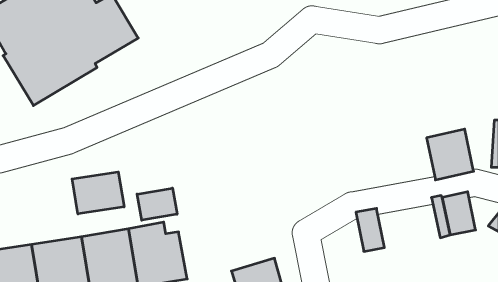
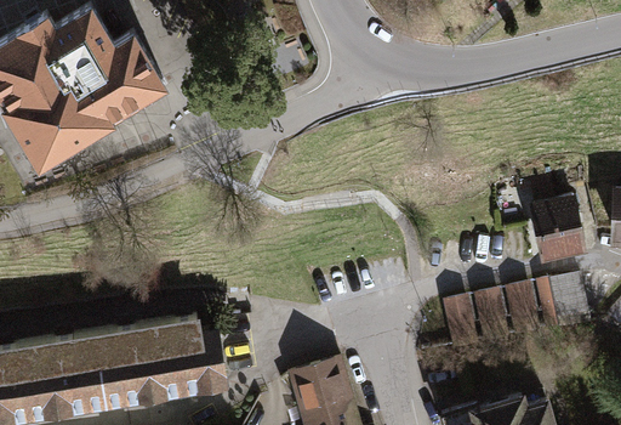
building: [72,172,124,214] -> none
building: [137,188,177,220] -> none
building: none -> [505,285,539,338]
building: none -> [473,291,508,345]

